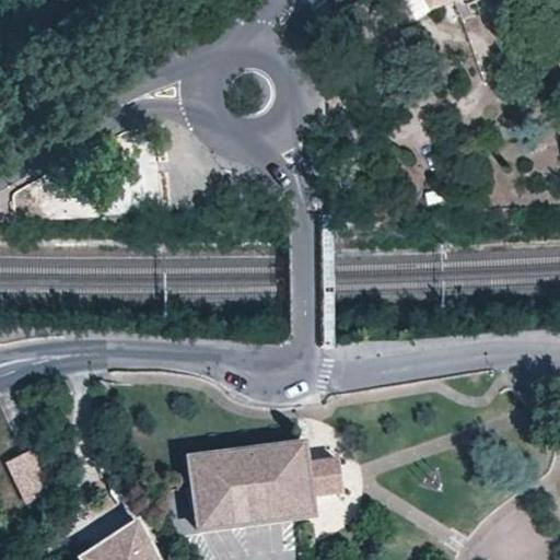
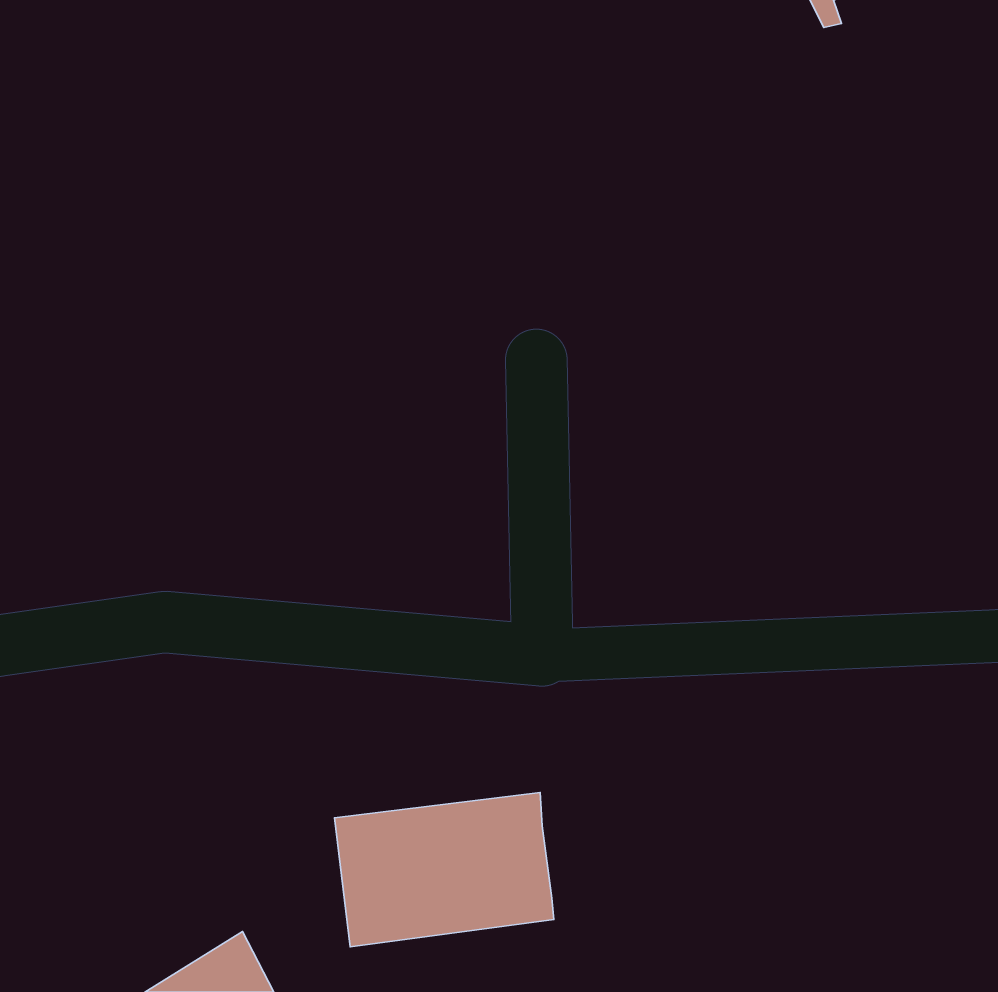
building: [8,451,47,495] -> none
building: [303,455,342,502] -> none

